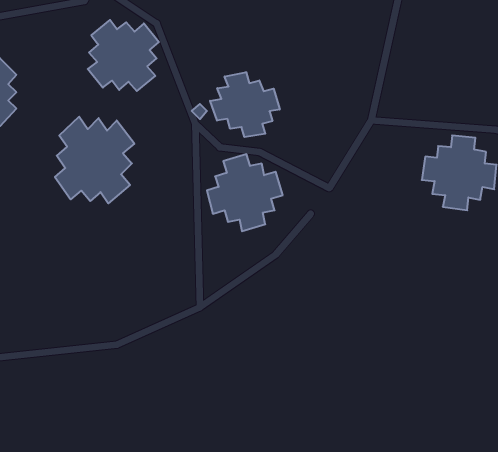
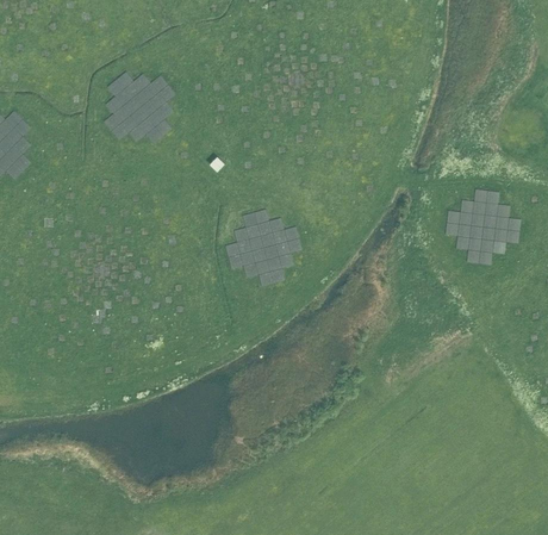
building: [210,72,280,137] -> none
building: [55,117,134,203] -> none

